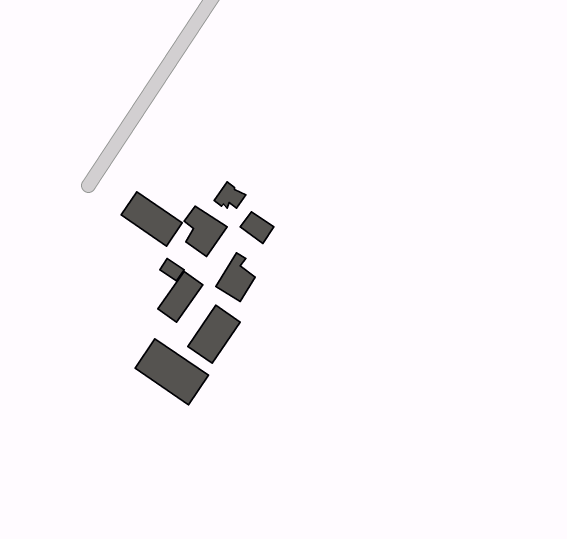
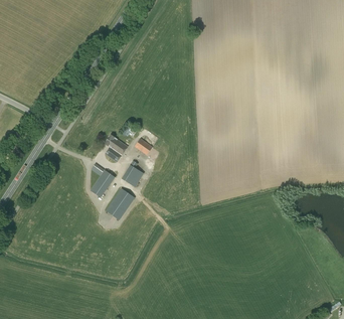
building: [121,192,182,246] -> none
building: [135,339,208,405] -> none

